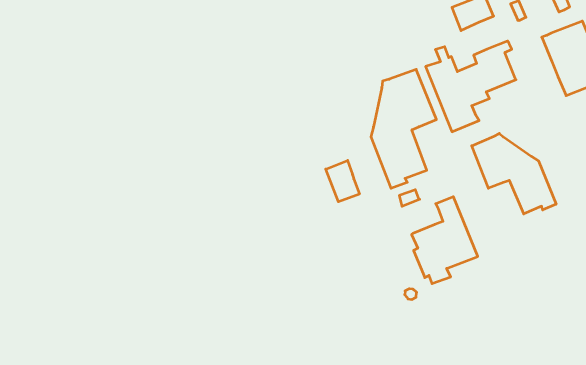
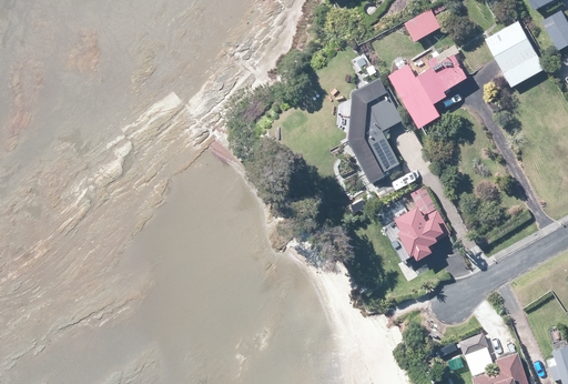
building: [472,133,556,214] -> none
building: [326,160,359,202] -> none

